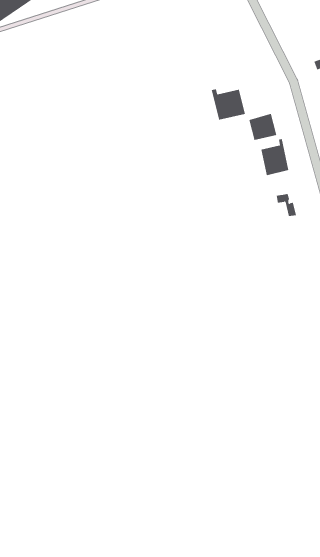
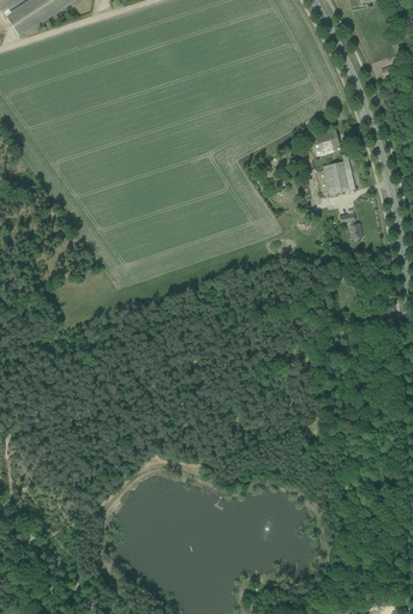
building: [211,88,246,121] -> none

